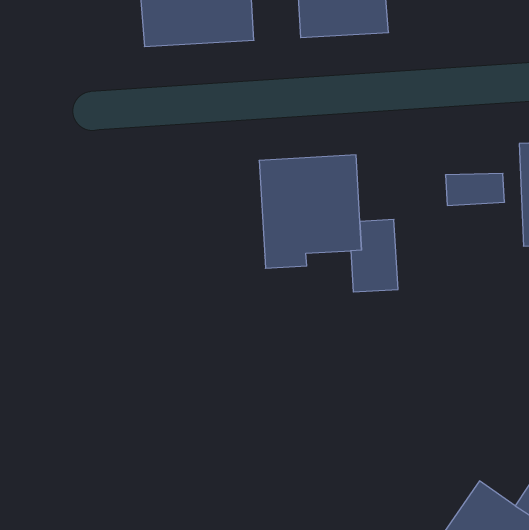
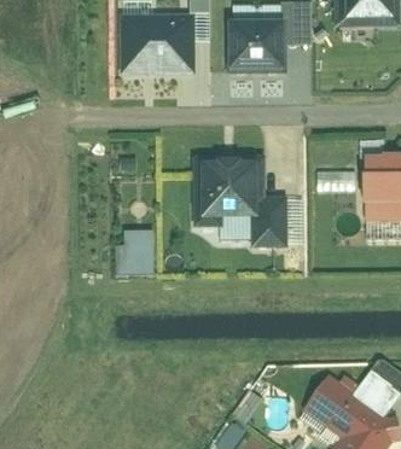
building: none -> [117,228,155,274]

